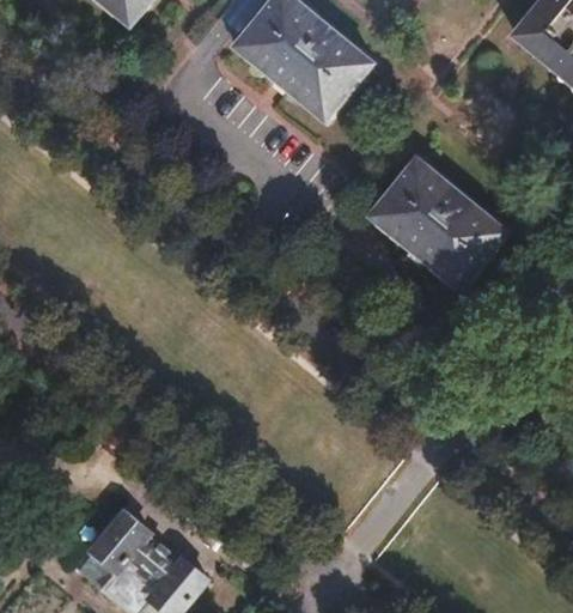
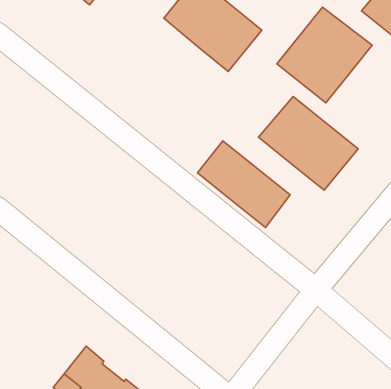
building: none -> [277,7,372,103]
building: none -> [197,141,290,228]

